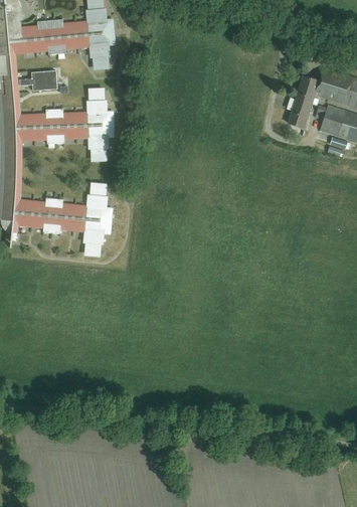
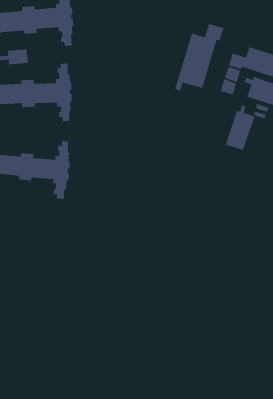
building: none -> [174,23,225,91]
building: none -> [225,104,255,151]

